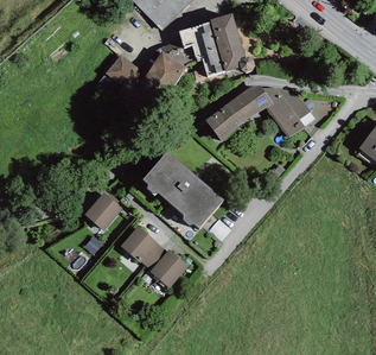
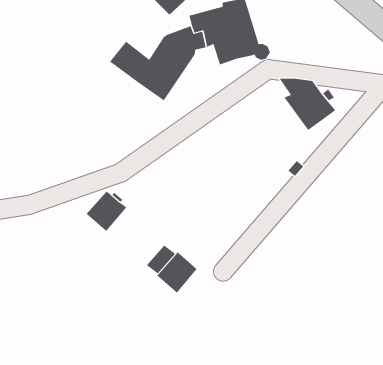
building: [205,84,273,141] -> none
building: [142,151,223,227] -> none
building: [121,226,157,261] -> none

